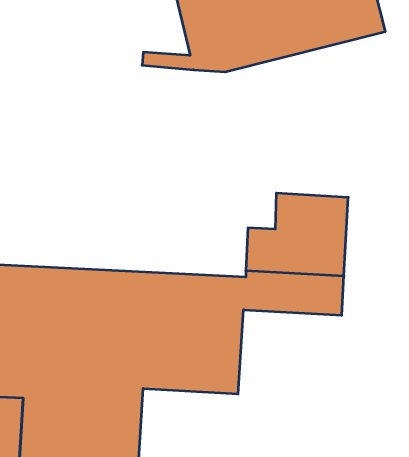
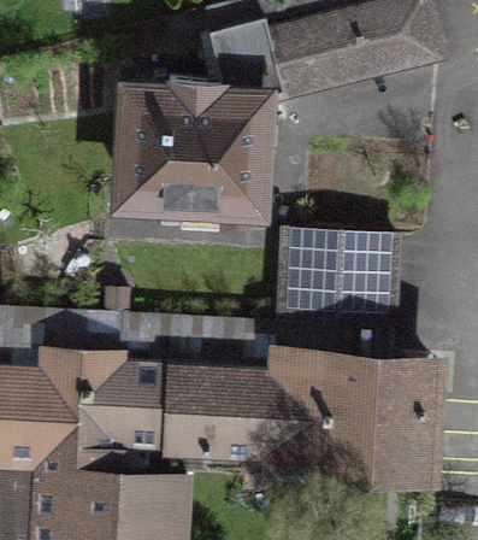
building: none -> [126,104,260,216]
building: none -> [275,375,429,476]

